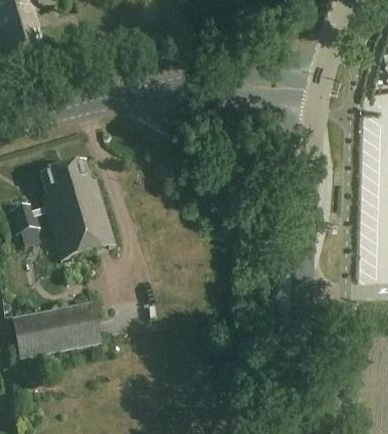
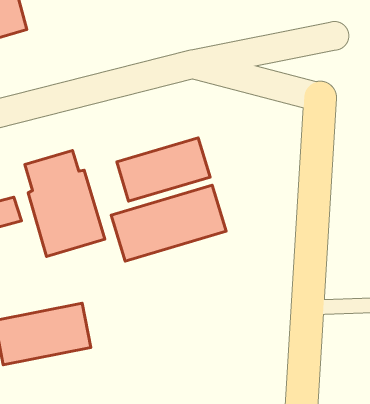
building: none -> [117,138,210,201]
building: none -> [111,185,226,261]

